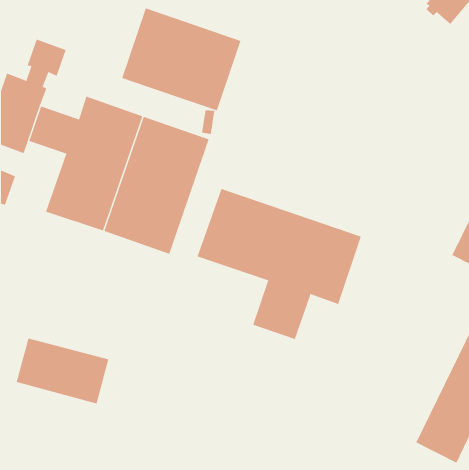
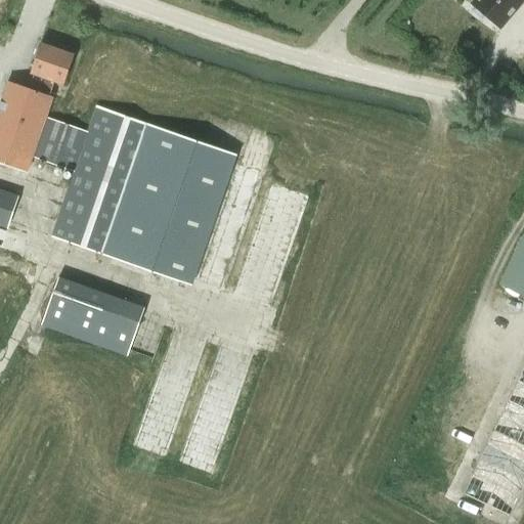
building: [121,8,241,111] -> none
building: [197,188,361,340] -> none
building: [16,338,109,404] -> [38,277,141,351]

